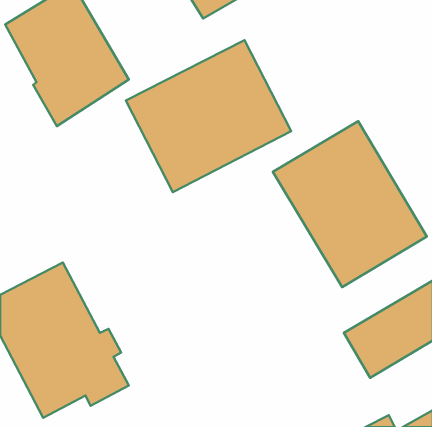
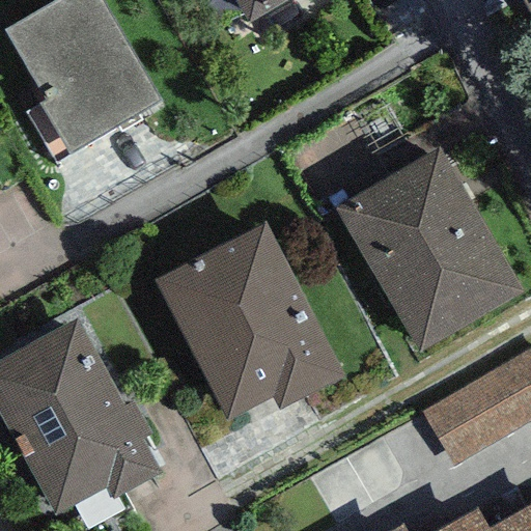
building: [126,40,291,192] -> none
building: none -> [156,225,343,421]

